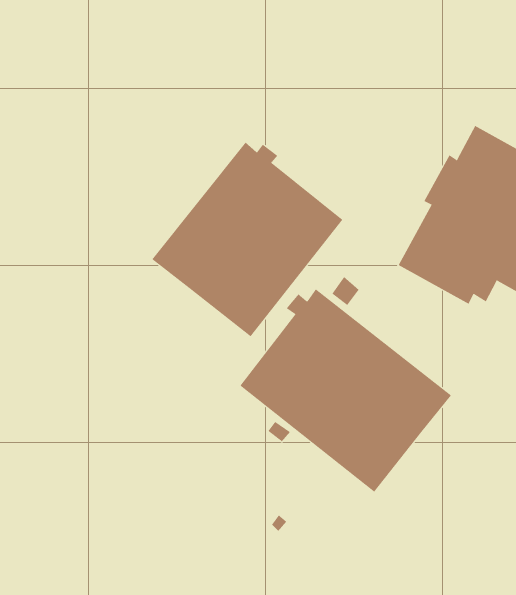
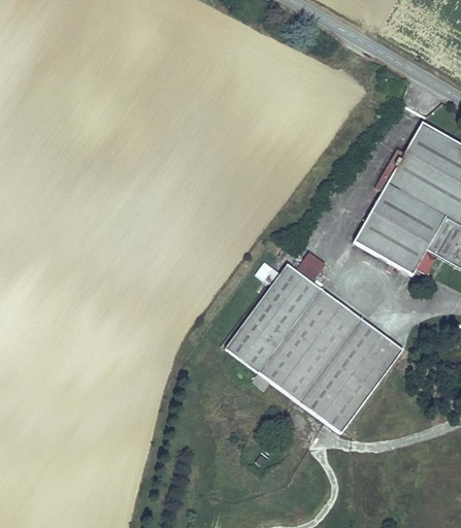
building: [152,142,343,337] -> none

